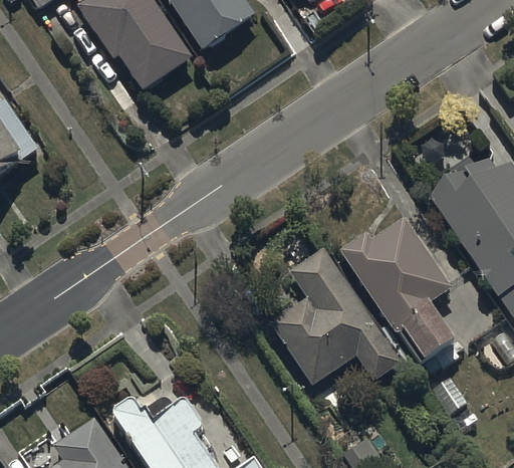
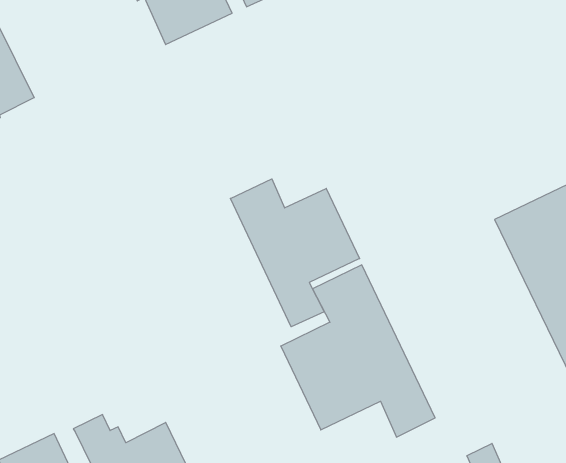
building: none -> [230,179,360,327]
building: [338,216,458,366] -> none

